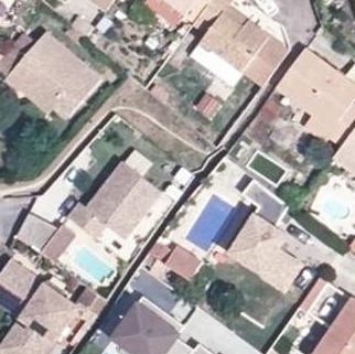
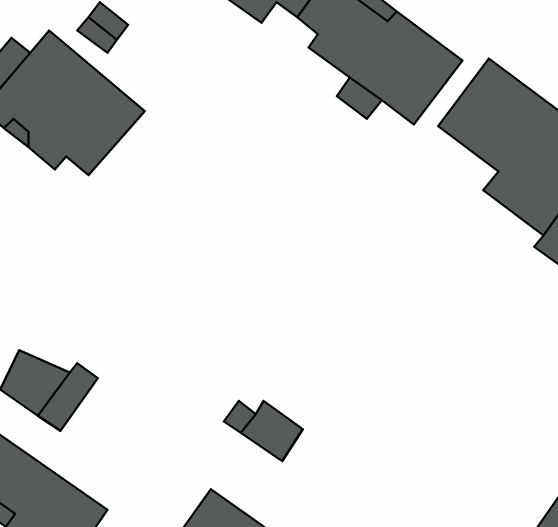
building: [67,162,161,242] -> none
building: [223,178,301,292] -> none

